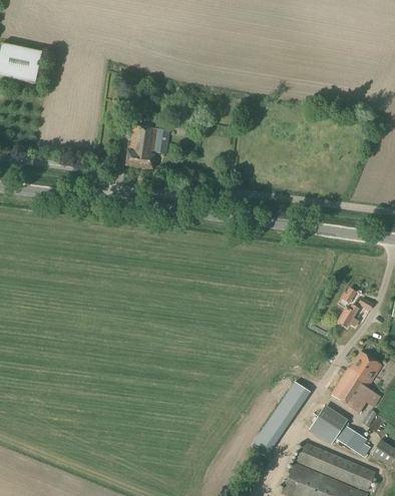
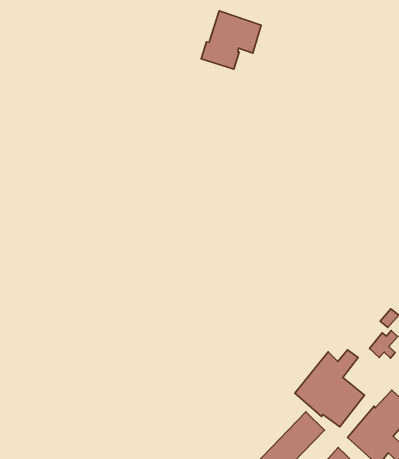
building: [126,125,169,169] -> [201,11,261,69]
building: none -> [295,350,365,427]

